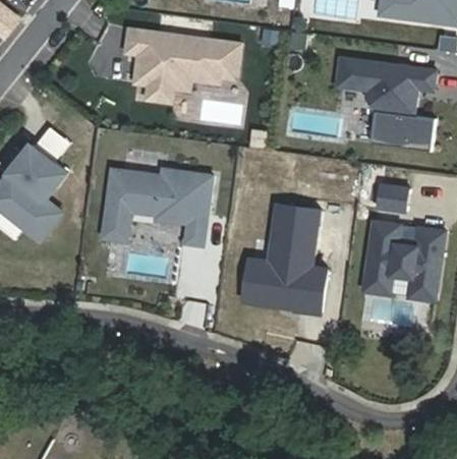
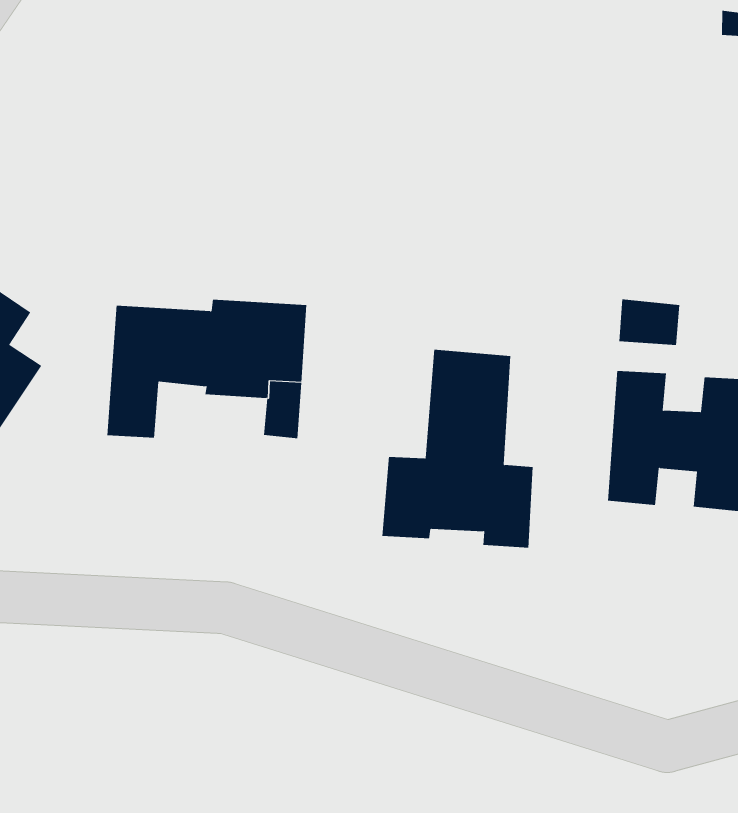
building: [125,28,240,101] -> none
building: [337,57,435,150] -> none

